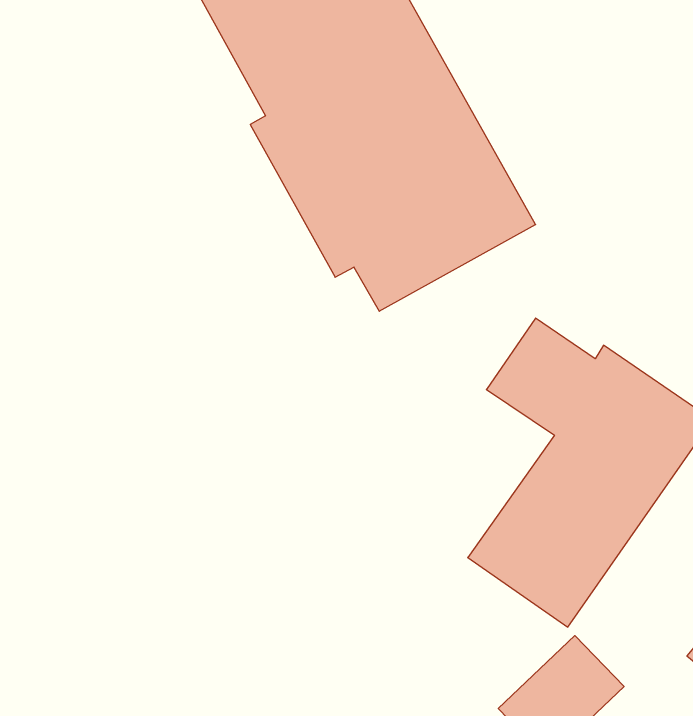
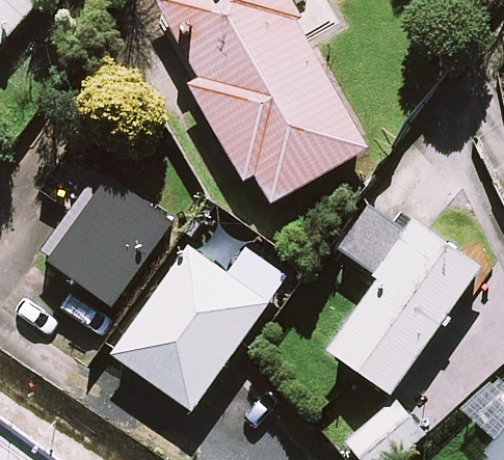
building: none -> [45,173,173,305]
building: none -> [113,247,267,408]

